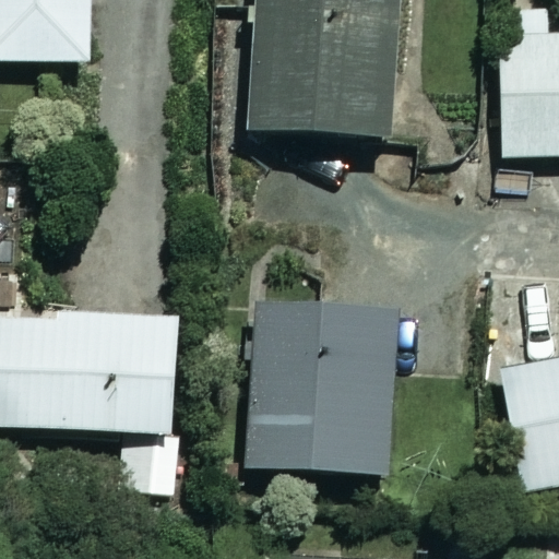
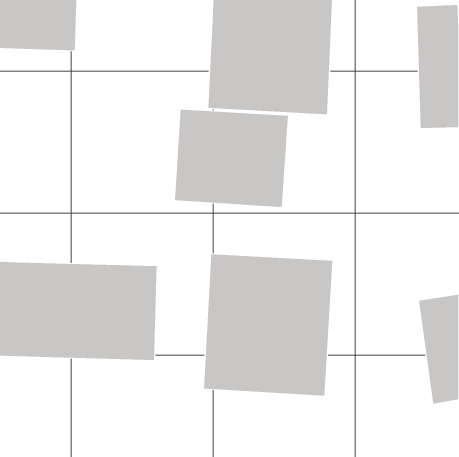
building: none -> [175,109,289,208]

